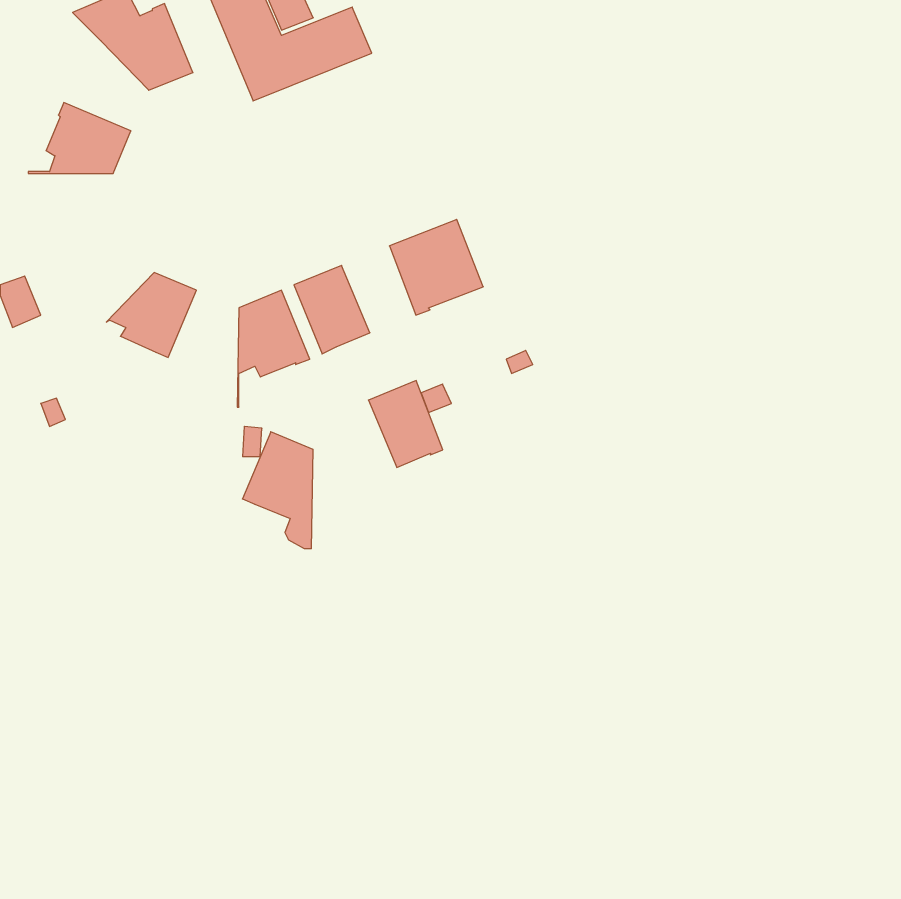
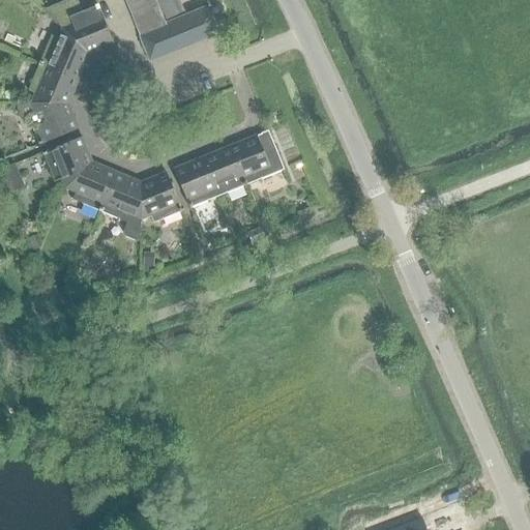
building: none -> [39,24,89,77]
building: none -> [19,101,79,143]
building: none -> [42,135,92,188]
building: [368,381,443,467] -> [202,144,245,195]
building: [242,432,313,549] -> [100,170,142,238]

